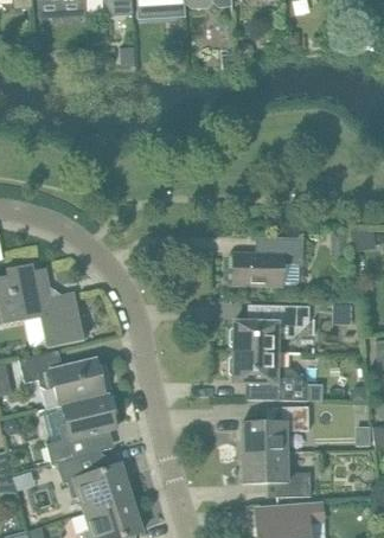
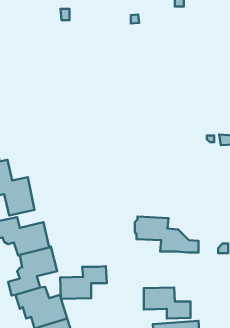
building: [233,237,303,287] -> none
building: [231,306,309,352] -> none
building: [242,406,309,454] -> [60,266,107,299]

